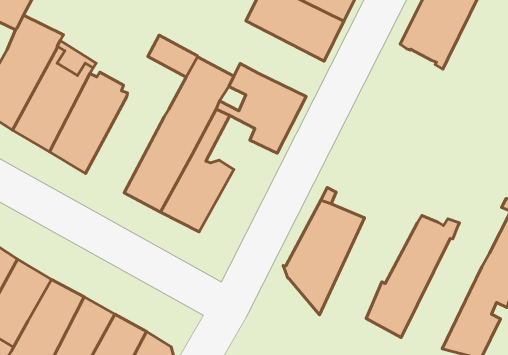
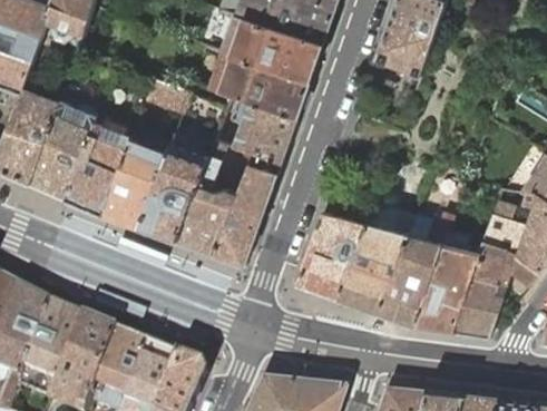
building: none -> [217,56,307,118]
building: none -> [101,133,170,228]
building: none -> [213,165,275,266]
building: none -> [333,200,412,317]
building: none -> [411,232,477,334]

